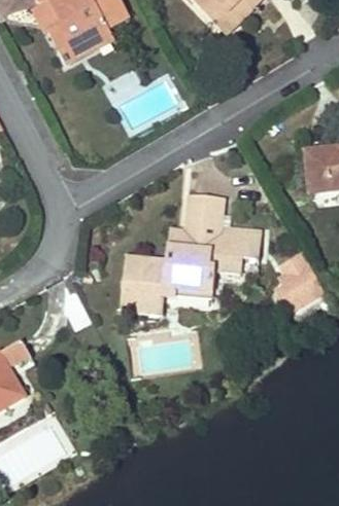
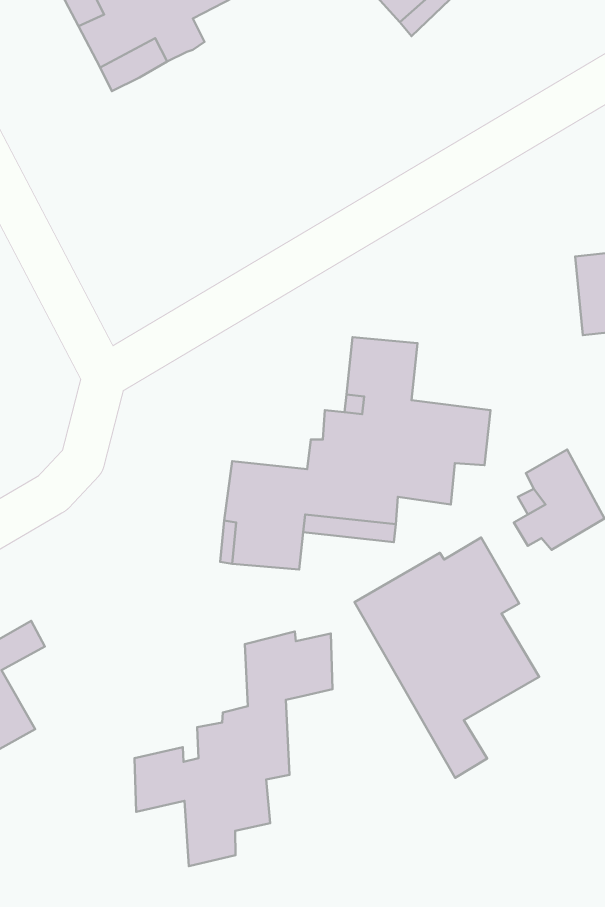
building: none -> [355,537,539,778]
building: none -> [135,632,332,866]

